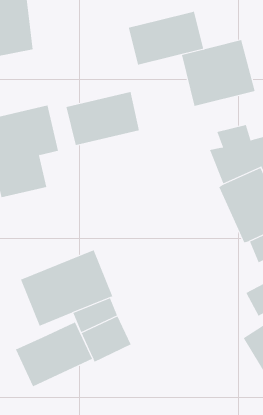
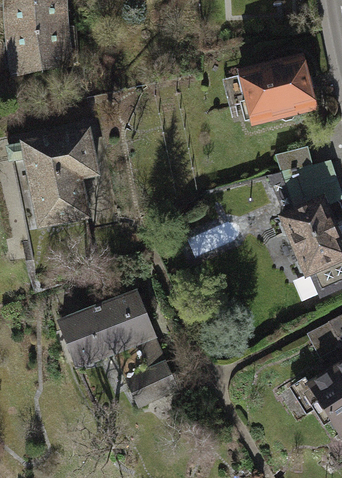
building: [128,11,204,66] -> none
building: [66,91,139,146] -> none
building: [15,321,93,387] -> none

